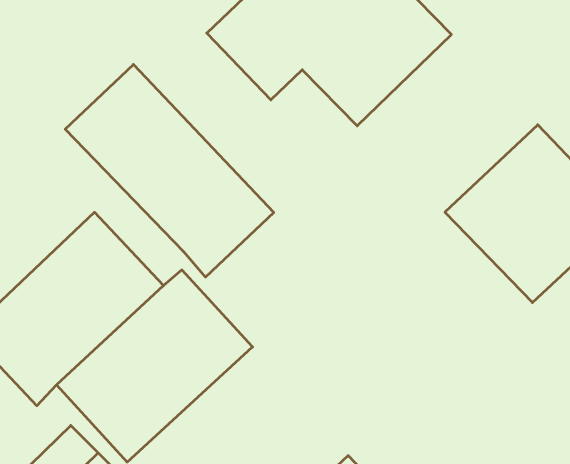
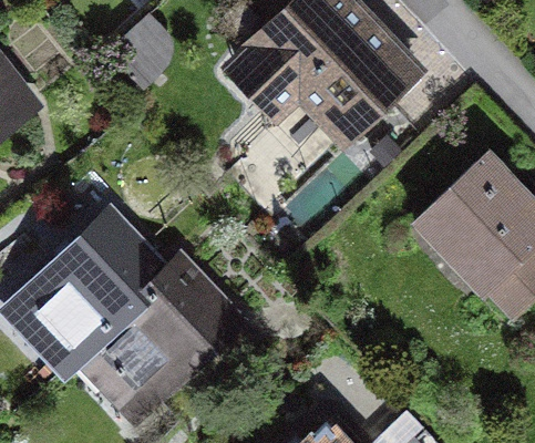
building: [65,64,274,277] -> none

